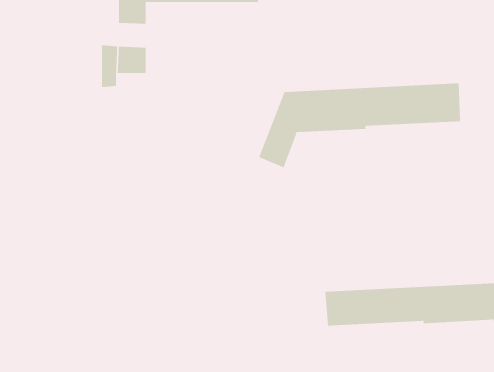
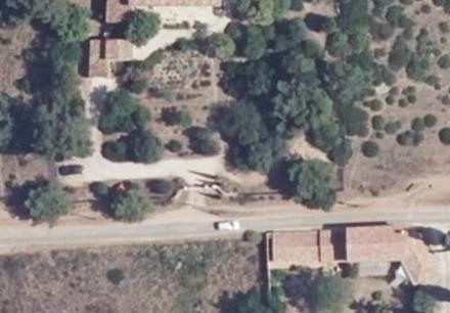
building: [258,83,462,168] -> none

